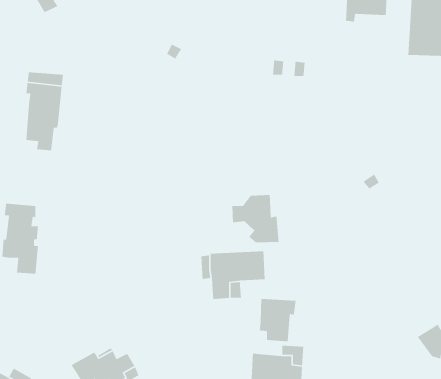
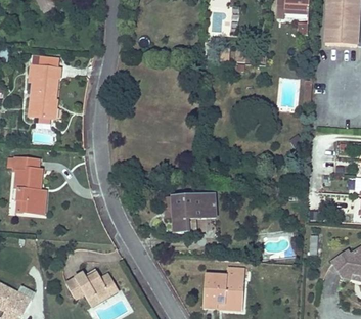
building: [231,194,280,243] -> none
building: [259,298,296,342] -> none

